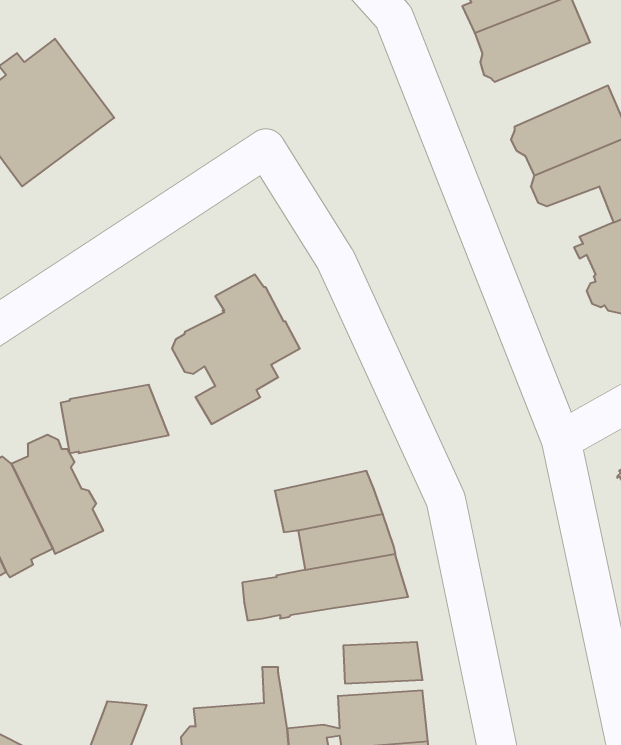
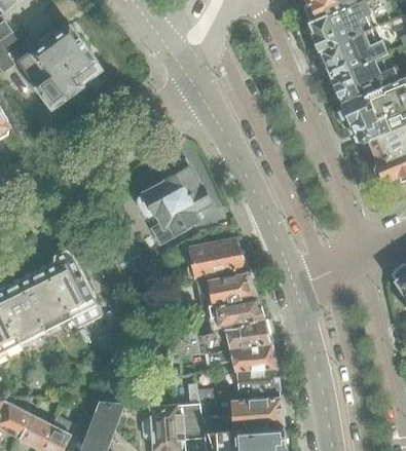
building: none -> [320,27,385,75]
building: none -> [350,109,389,142]
building: [61,385,169,453] -> [184,239,246,278]
building: none -> [204,343,276,371]

